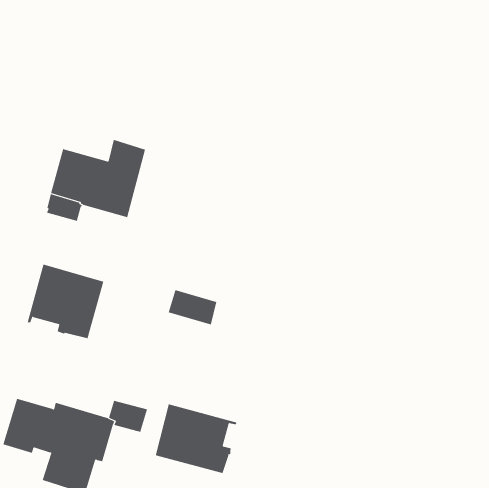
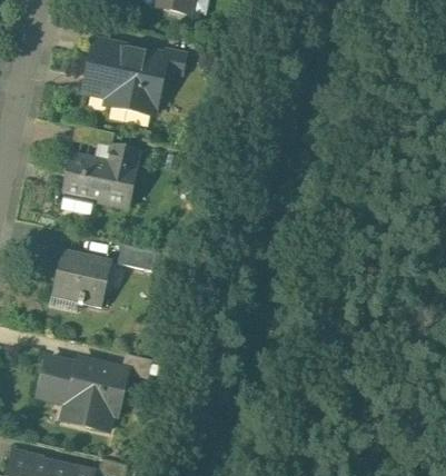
building: none -> [85,40,186,109]
building: [168,289,217,325] -> [117,244,156,270]
building: [155,404,238,474] -> none

